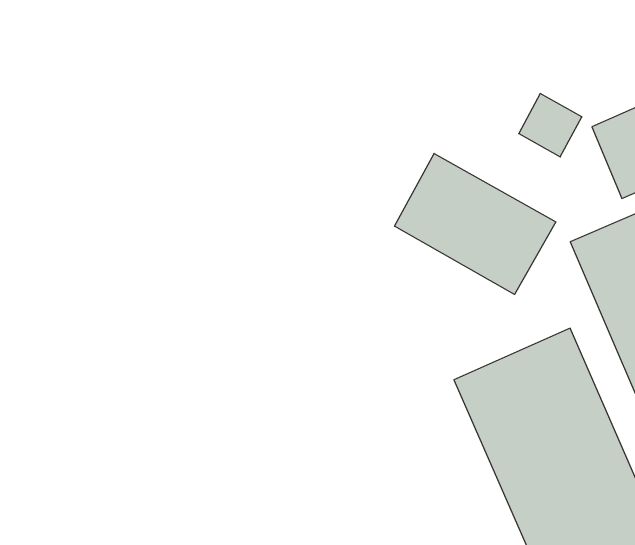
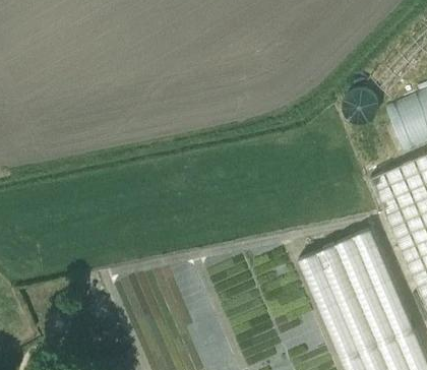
building: [395,153,556,294] -> none

